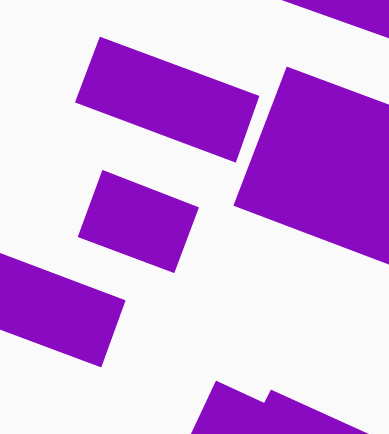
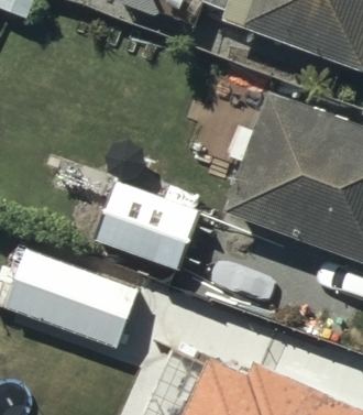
building: [74,36,260,163] -> none

